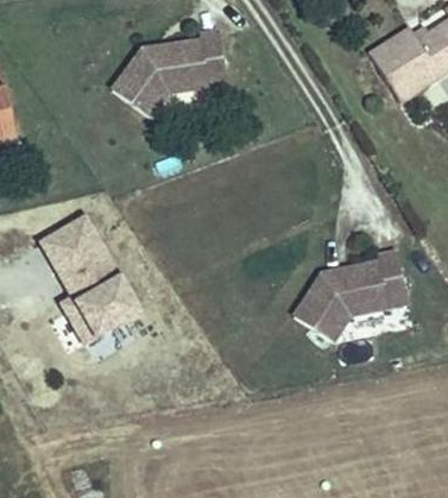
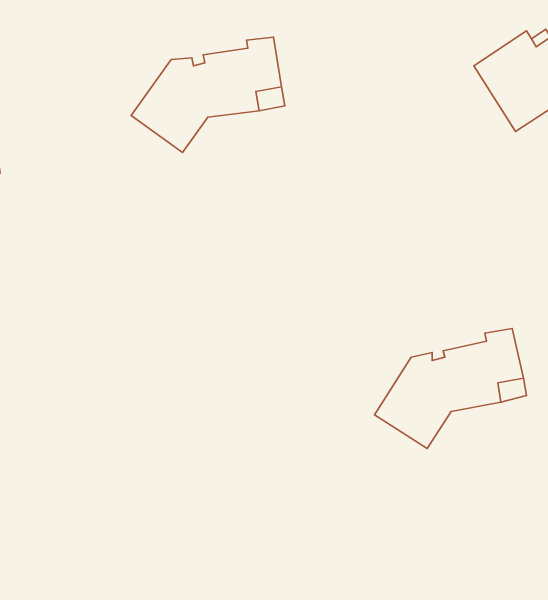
building: [34,212,143,346] -> none

